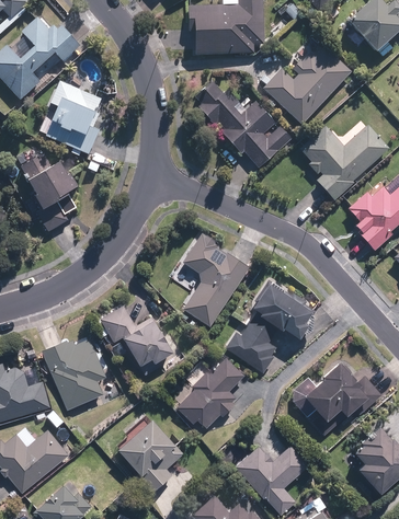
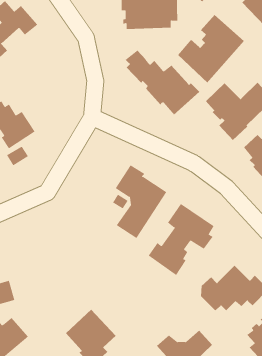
building: [45,82,104,154] -> none
building: [99,303,173,367] -> none
building: [43,337,107,412] -> none
building: [178,358,244,429] -> none

